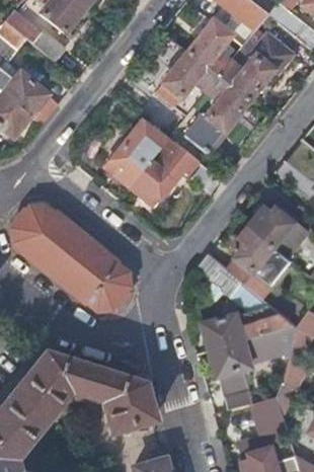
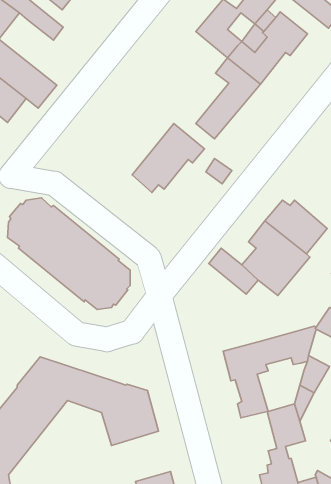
building: [163,52,217,105] -> none
building: [104,117,167,184] -> none
building: [206,304,297,347] -> none

